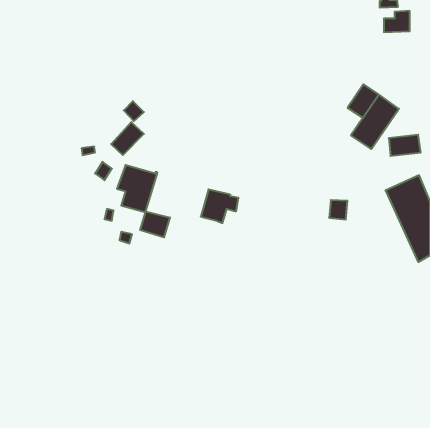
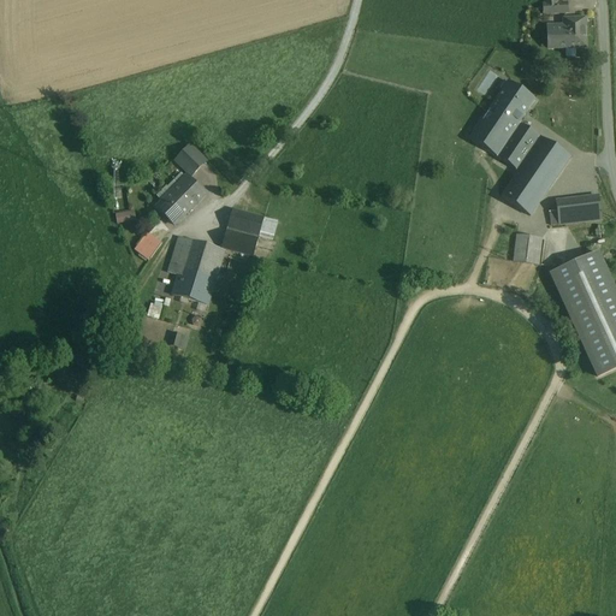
building: none -> [470,79,535,154]
building: [201,189,239,223] -> [223,207,277,255]
building: [329,200,348,219] -> [515,233,541,261]
building: [140,212,170,237] -> none

